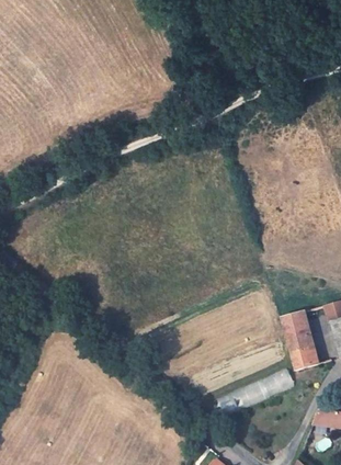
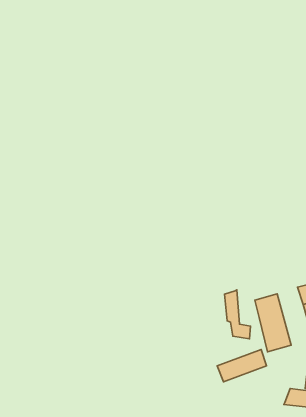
building: none -> [224,290,250,339]

